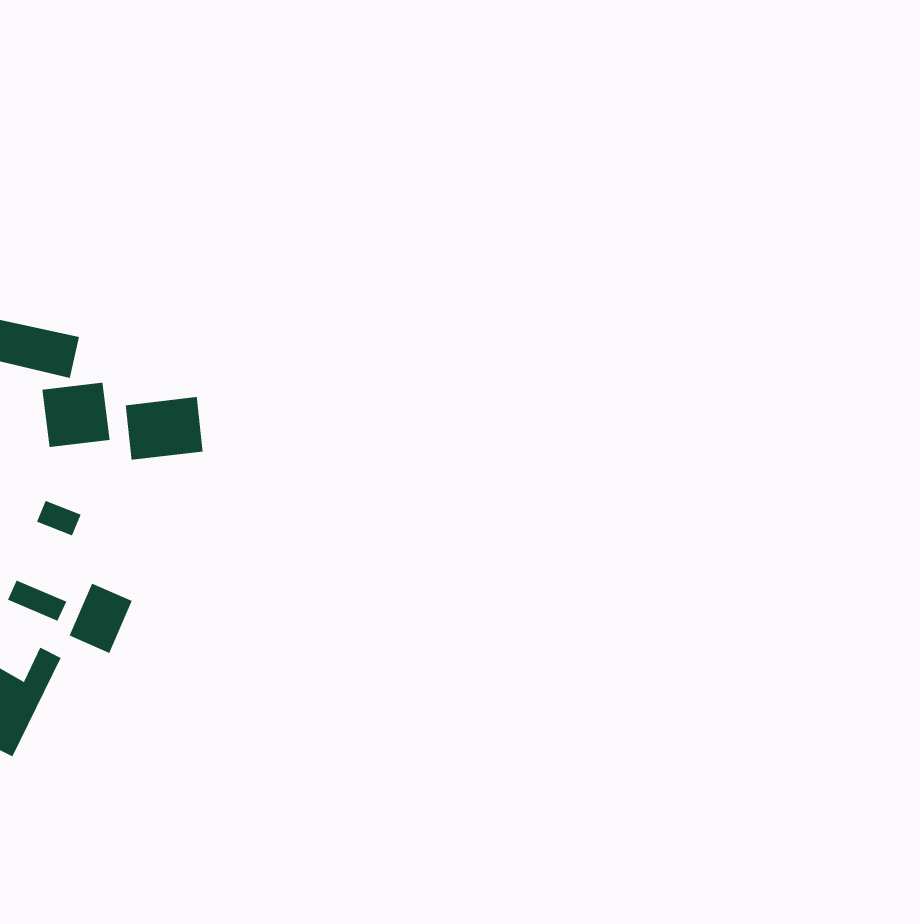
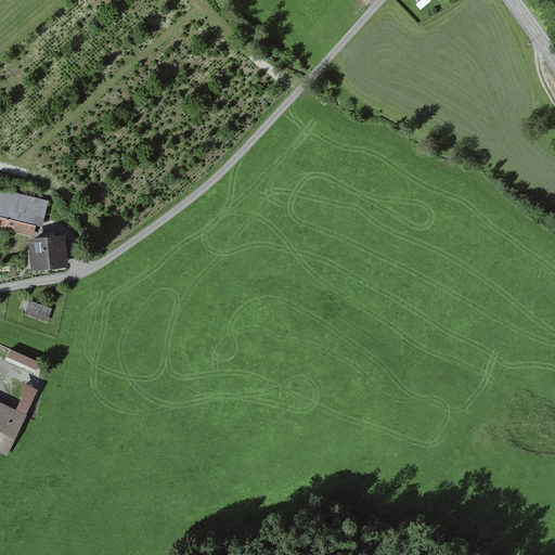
building: [125,396,203,461] -> none
building: [69,583,132,654] -> none

